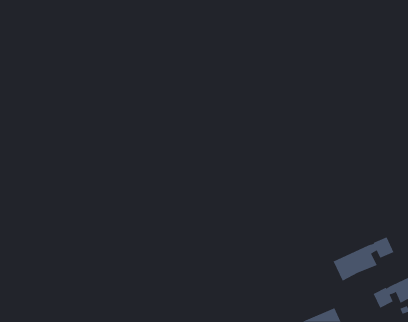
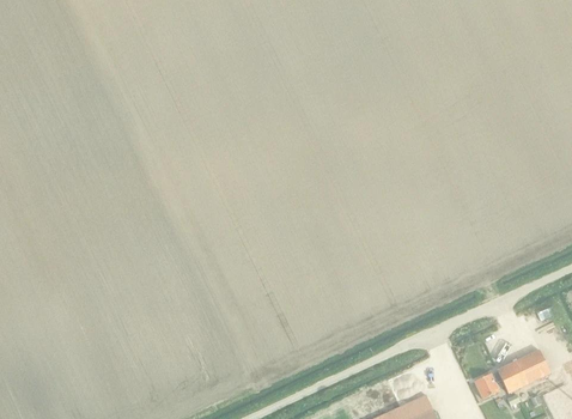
building: [333,236,394,282] -> none

